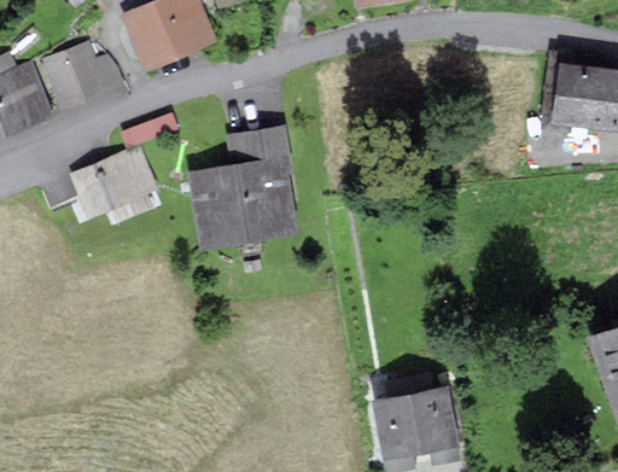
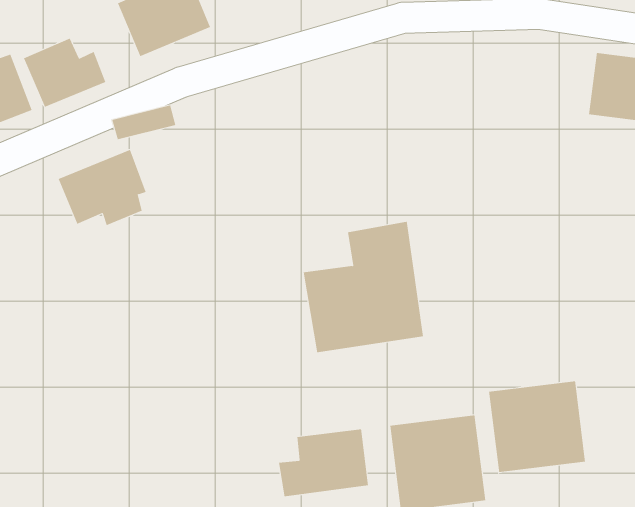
building: [186,126,295,244] -> [303,221,424,353]
building: none -> [489,380,586,473]
building: none -> [279,428,368,497]

